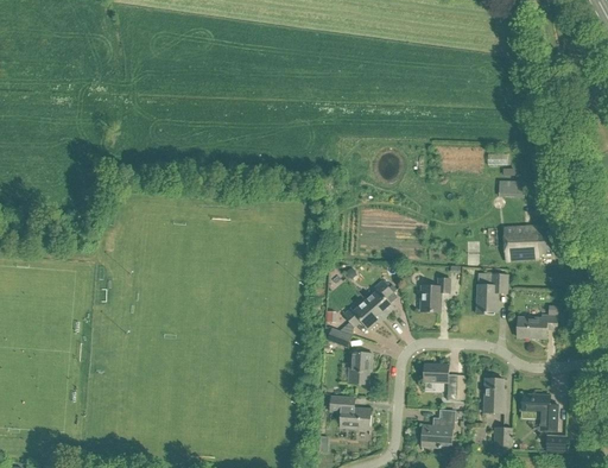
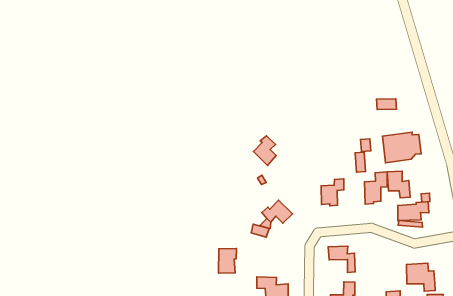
building: none -> [387,171,410,198]
building: [365,280,393,318] -> [254,136,276,165]
building: [347,352,372,384] -> [219,249,236,273]
building: [483,377,505,412] -> none

